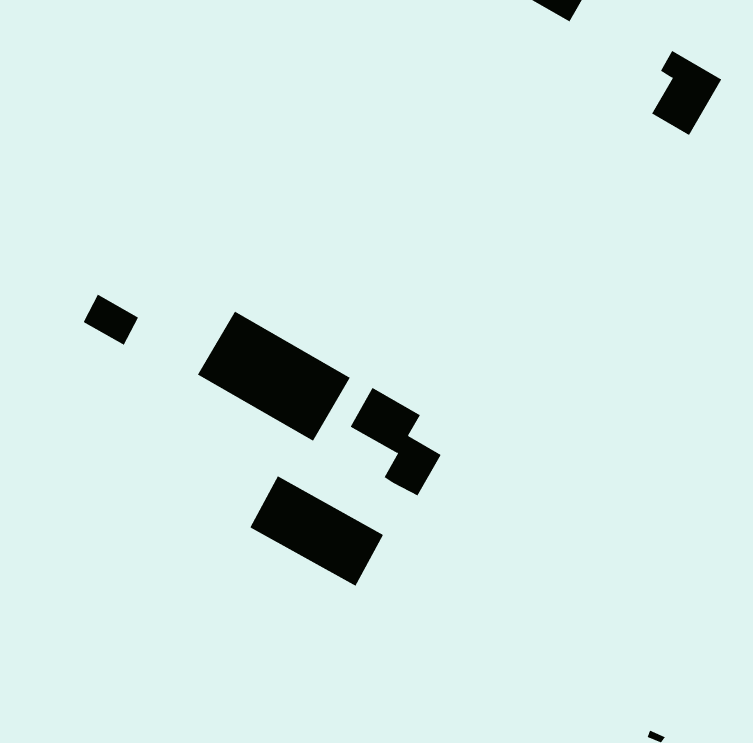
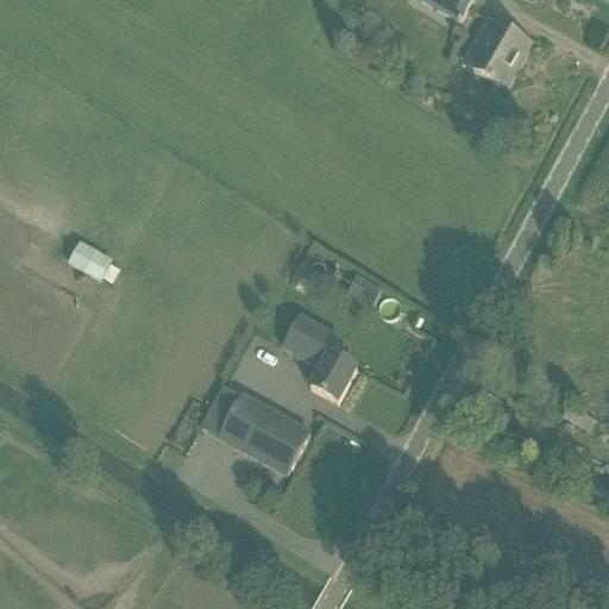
building: [651,50,722,136] -> [472,15,529,84]
building: [197,311,351,442] -> none

